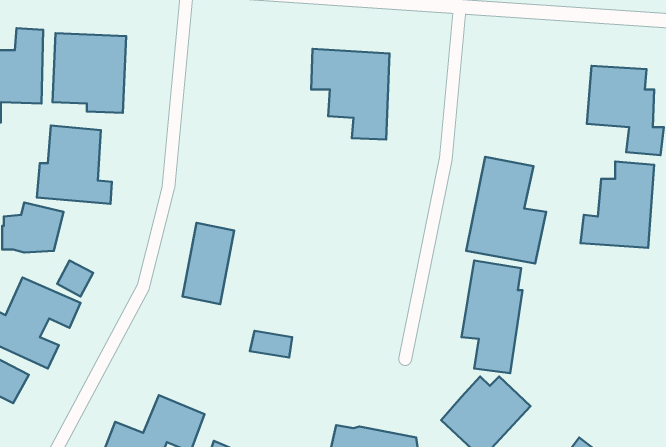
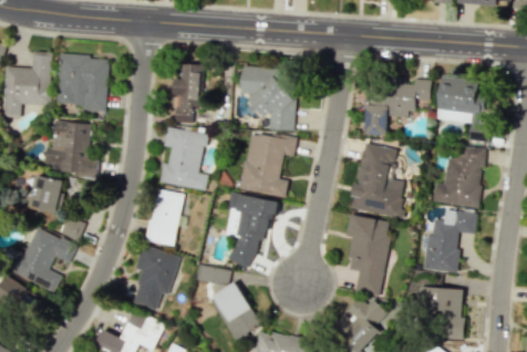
building: none -> [174,62,204,123]
building: none -> [364,79,431,135]
building: none -> [161,126,209,189]
building: none -> [241,131,297,196]
building: none -> [228,195,281,268]
building: none -> [422,208,476,272]
building: none -> [134,245,179,311]
building: none -> [215,281,262,340]
building: none -> [417,287,464,339]

